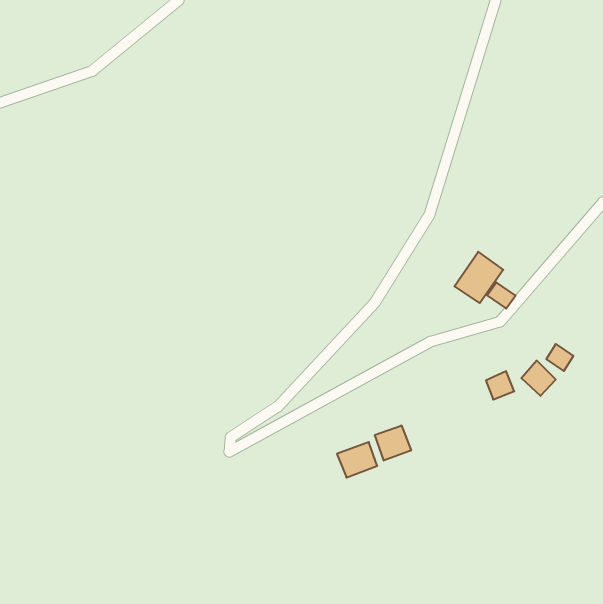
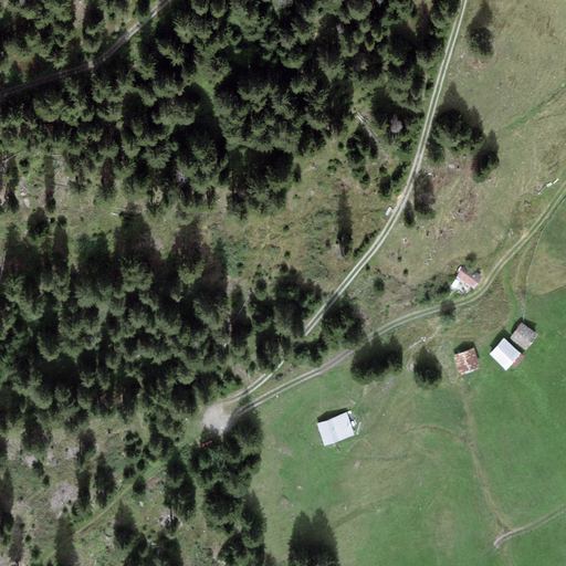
building: [454,252,503,303] -> none
building: [375,425,411,461] -> none

